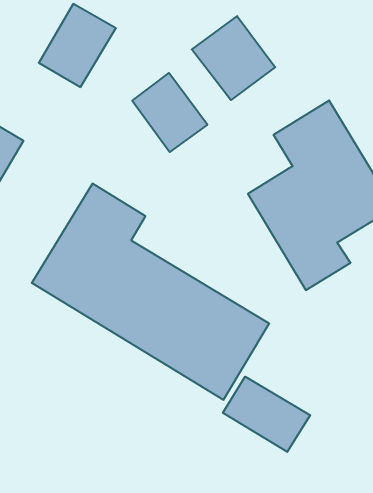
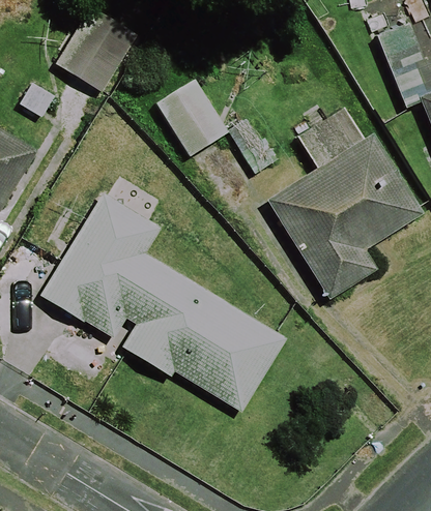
building: [192,16,275,100] -> none
building: [223,377,310,452] -> none

